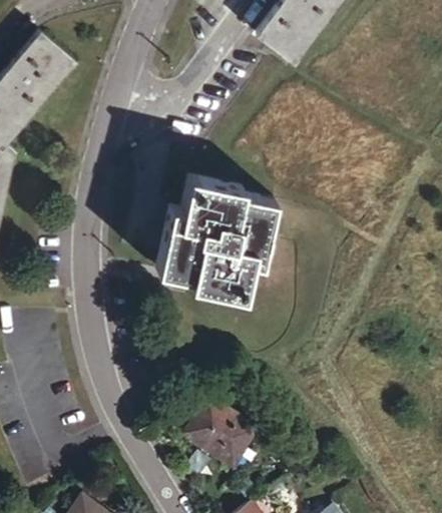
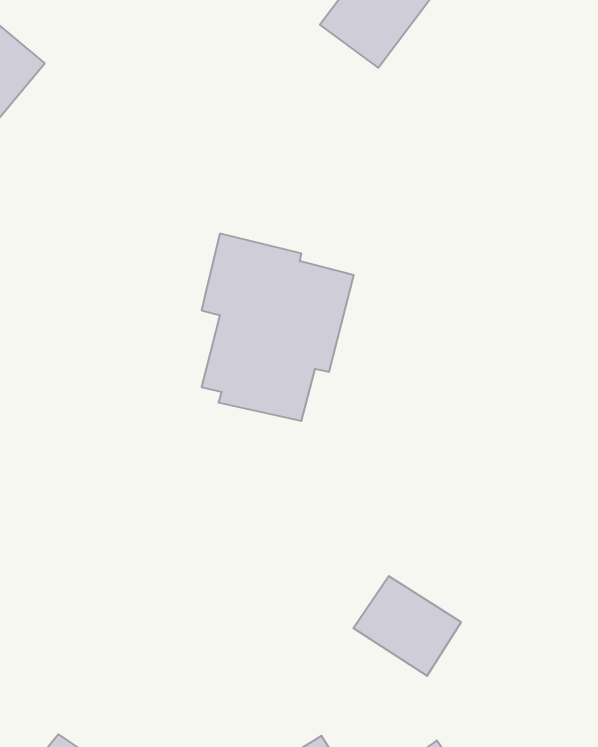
building: [155,209,188,275] -> none
building: [185,403,256,468] -> [353,576,461,676]

